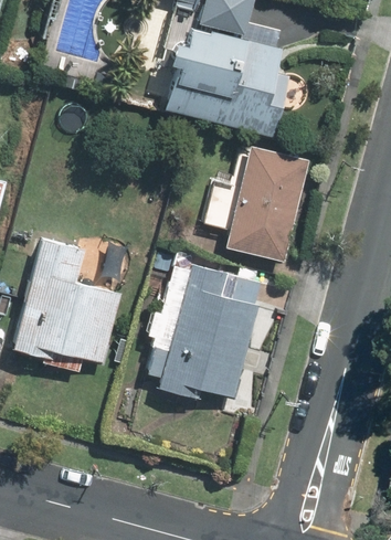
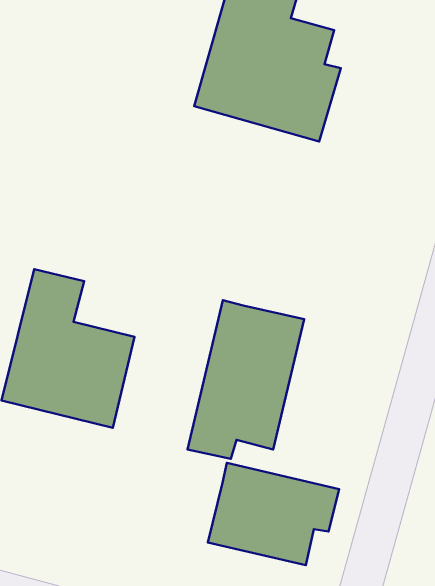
building: [205,151,300,256] -> none
building: none -> [208,463,339,565]

